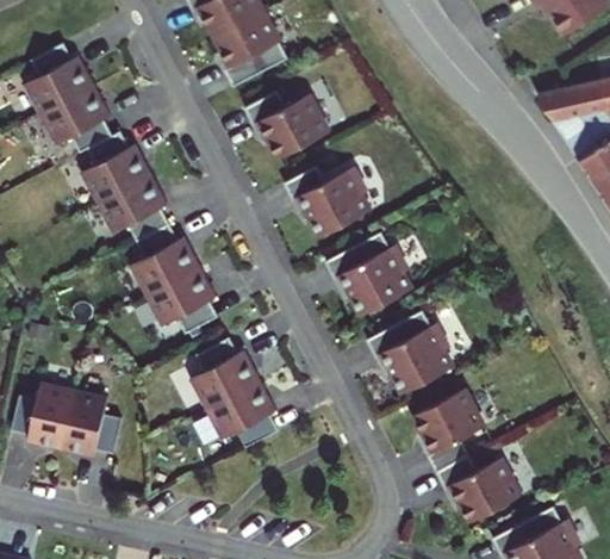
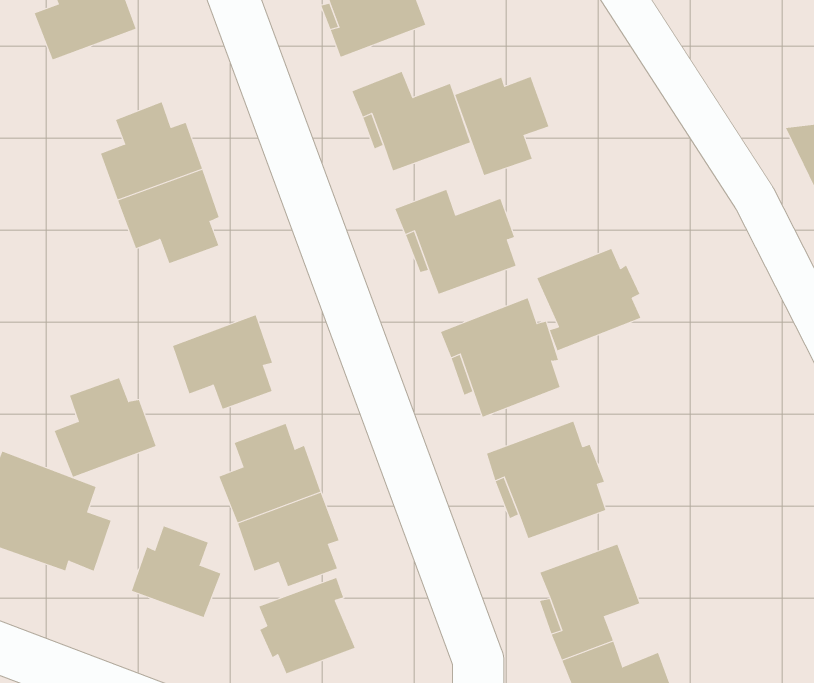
building: none -> [454,76,549,176]
building: [42,86,113,153] -> none
building: none -> [536,248,641,351]
building: [131,224,201,296] -> [54,377,156,478]
building: none -> [131,525,221,618]
building: none -> [258,577,355,674]

